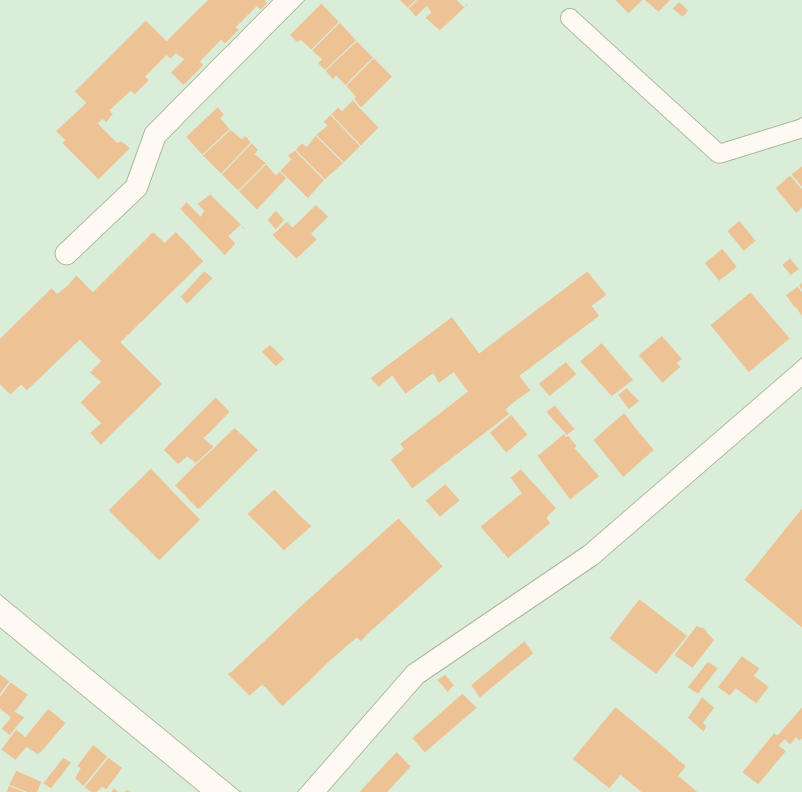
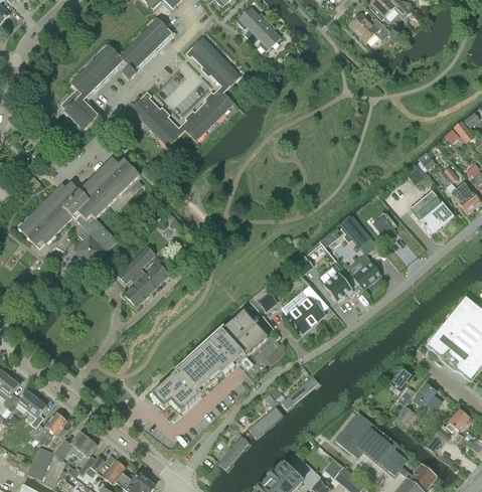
building: [180,193,245,256] -> none
building: [272,204,329,260] -> none
building: [370,270,608,489] -> none
building: [105,465,201,561] -> none
building: [246,489,312,551] -> none
building: [609,596,689,675] -> none

